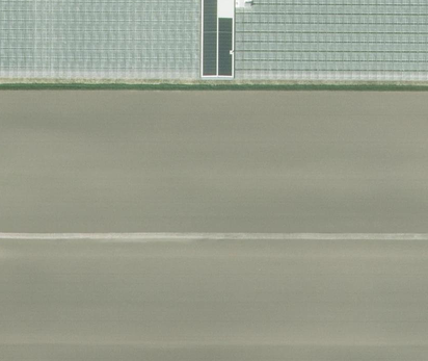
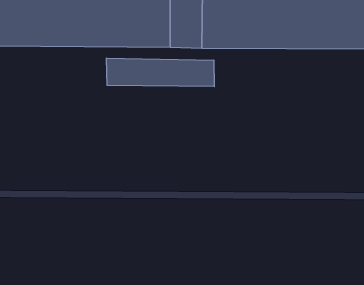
building: none -> [107,58,214,87]

